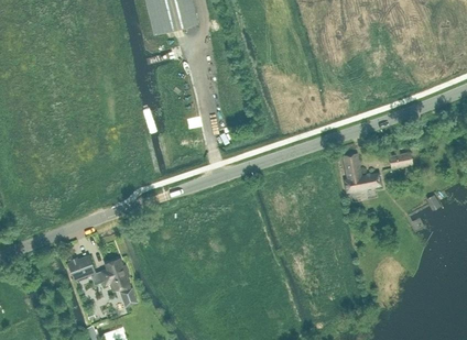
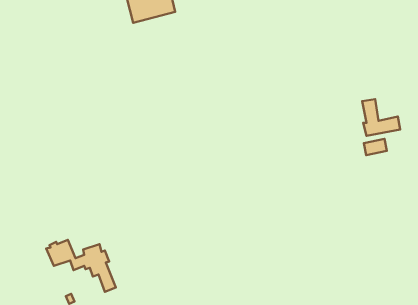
building: [343,155,381,193] -> [362,99,400,136]

